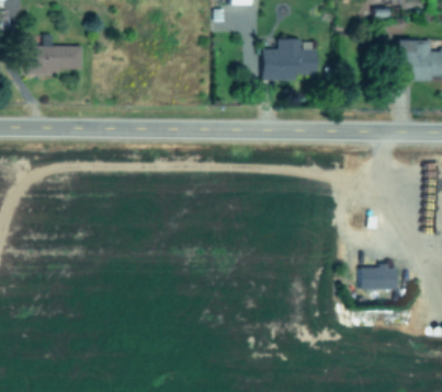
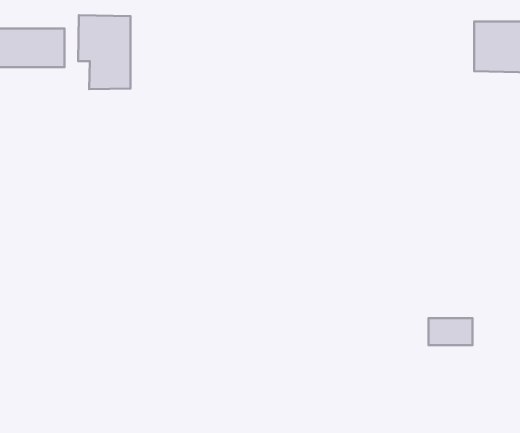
building: none -> [78,15,130,89]
building: [262,38,317,80] -> none

